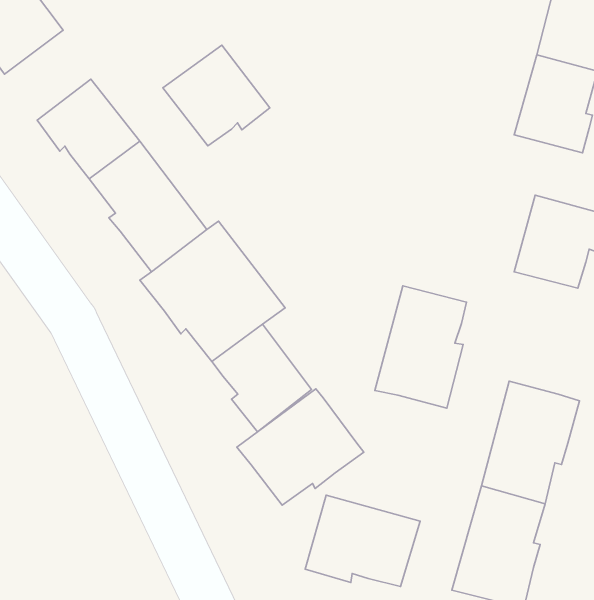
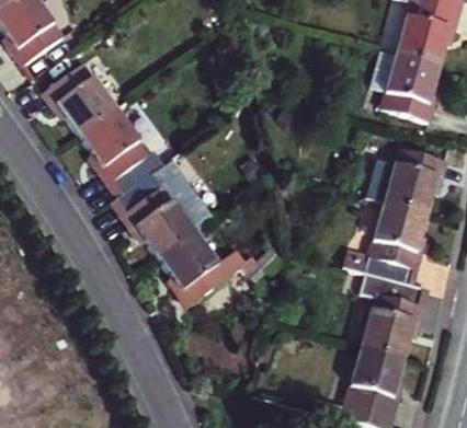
building: [163,45,270,146] -> none
building: [375,286,466,408] -> [360,205,421,287]
building: [237,389,364,505] -> none
building: [305,495,420,586] -> none

